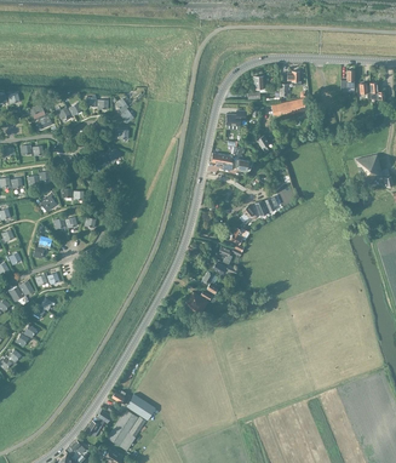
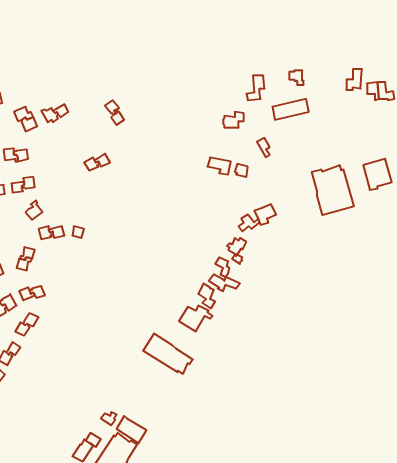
building: none -> [312,165,354,215]
building: none -> [143,333,193,374]

